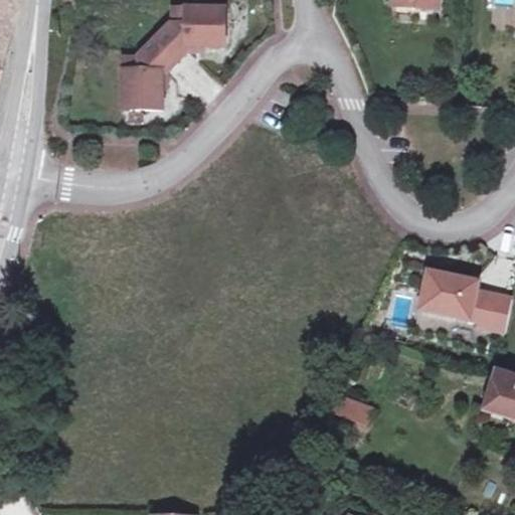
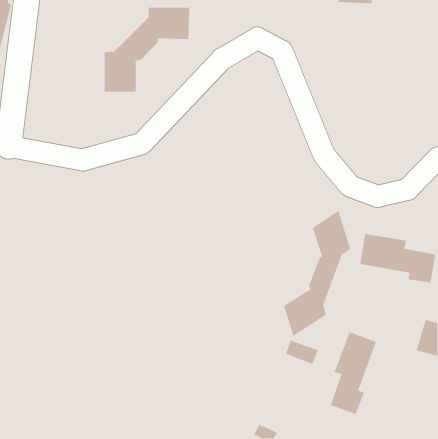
building: none -> [283,209,351,337]
building: none -> [330,331,377,415]

